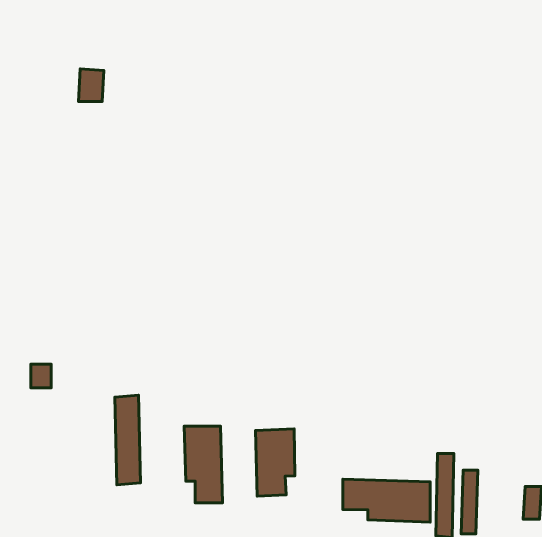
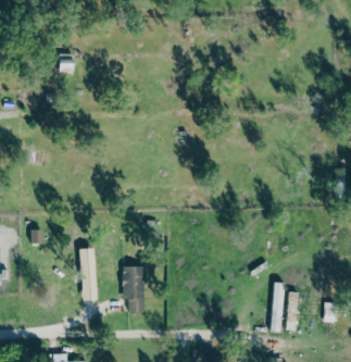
building: [256,429,295,496] -> none
building: [343,479,430,522] -> none

